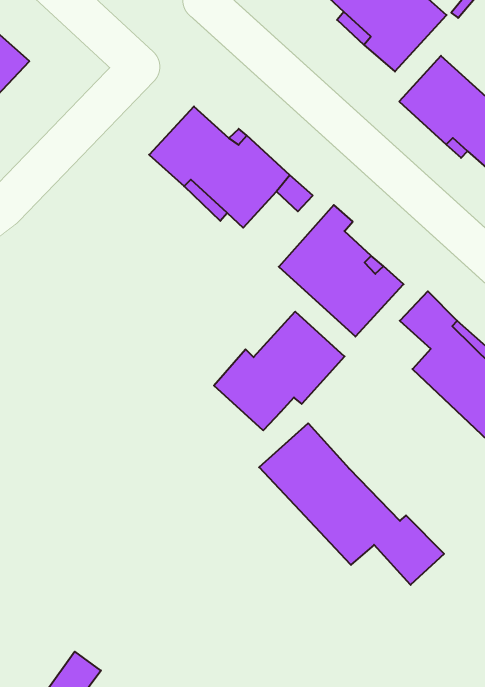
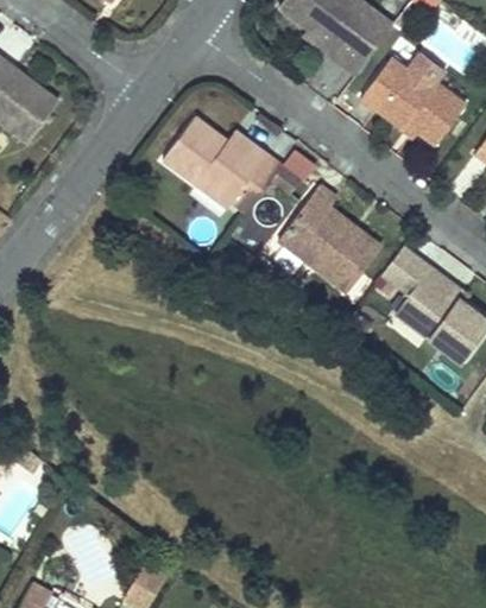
building: [214,312,345,430] -> none
building: [259,423,444,585] -> none

